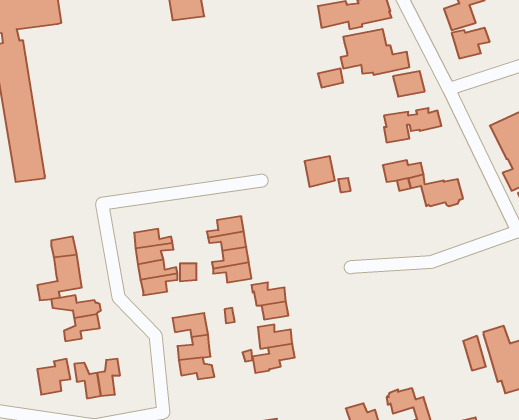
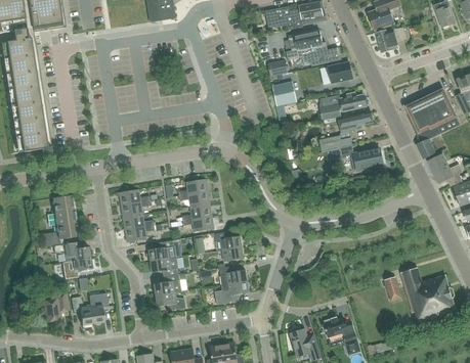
building: none -> [338,110,374,131]
building: [304,156,335,187] -> [272,81,297,105]
building: none -> [146,239,176,260]

